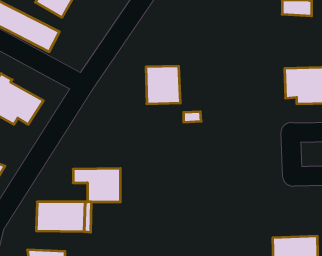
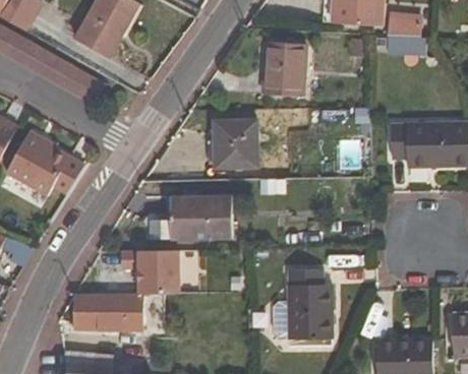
building: none -> [262,43,305,97]
building: none -> [149,196,232,240]
building: none -> [286,269,332,339]

